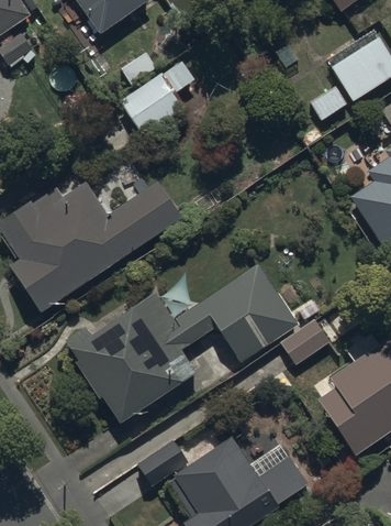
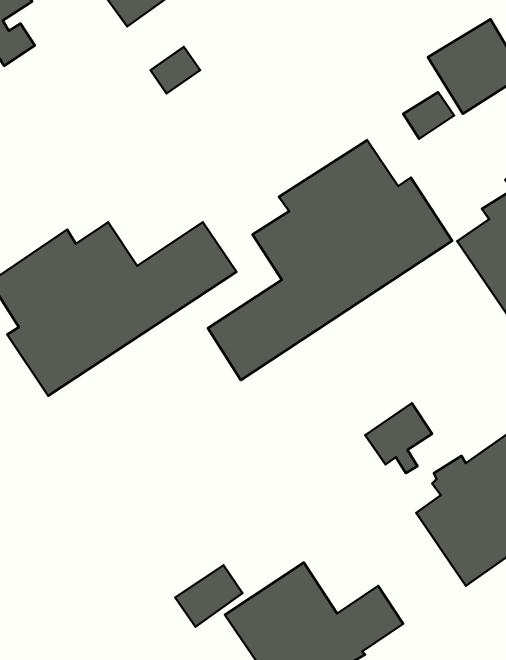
building: [120,63,192,135] -> none
building: none -> [208,140,452,380]
building: [65,264,298,425] -> none

